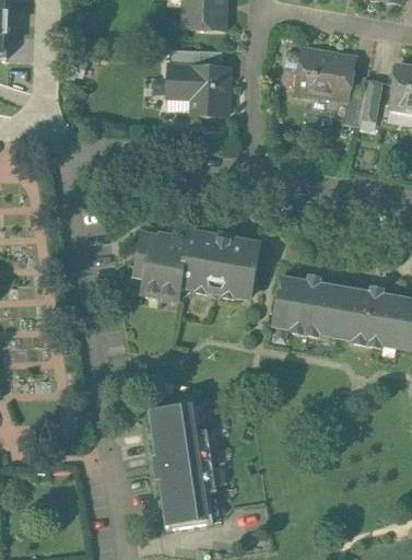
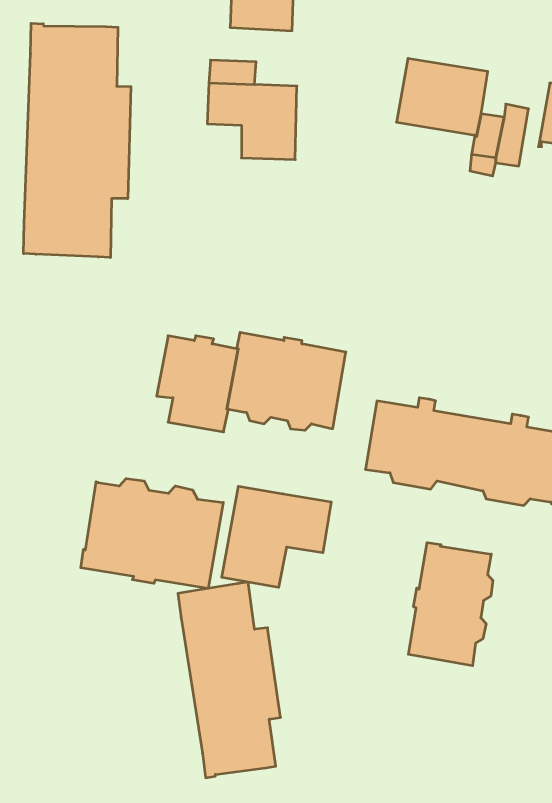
building: none -> [24,23,131,258]
building: none -> [81,479,223,588]
building: none -> [222,486,331,587]
building: none -> [408,543,493,666]

